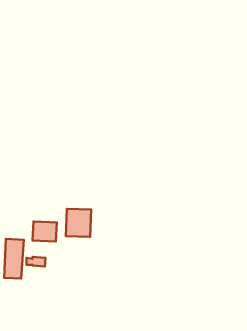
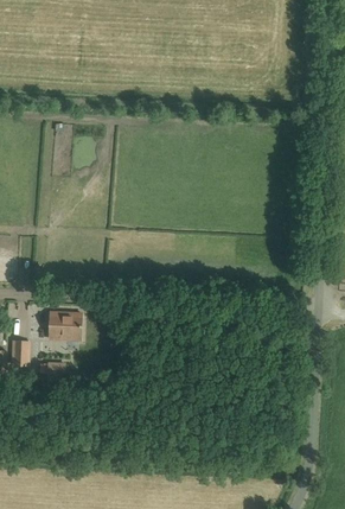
building: [66,209,91,237] -> none

